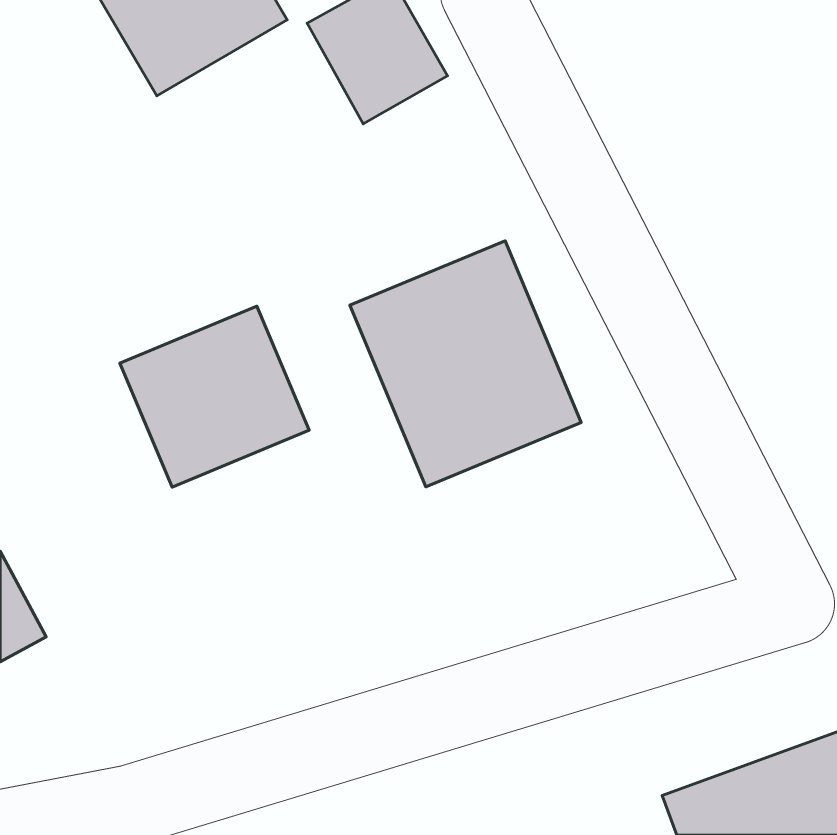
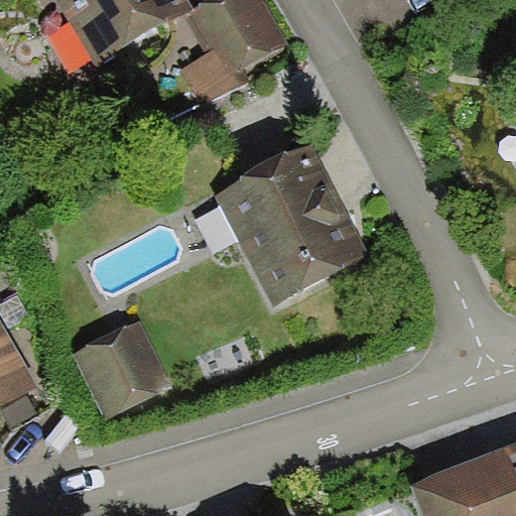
building: [120,306,309,487] -> none
building: none -> [73,321,168,421]

